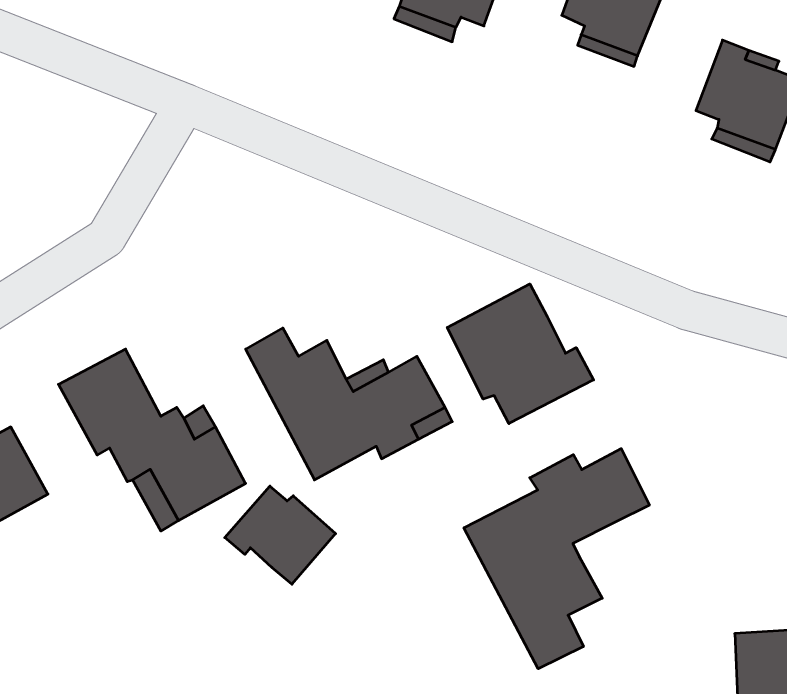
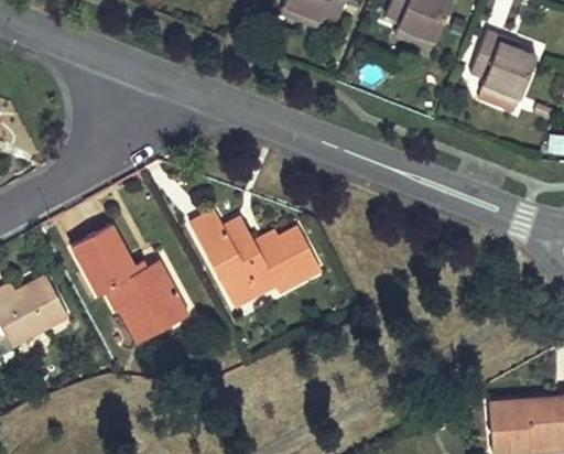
building: [447,284,594,424] -> none
building: [464,449,649,669] -> none
building: [225,486,336,584] -> none

